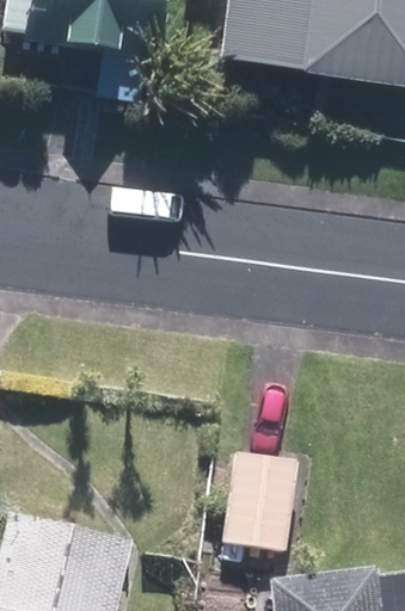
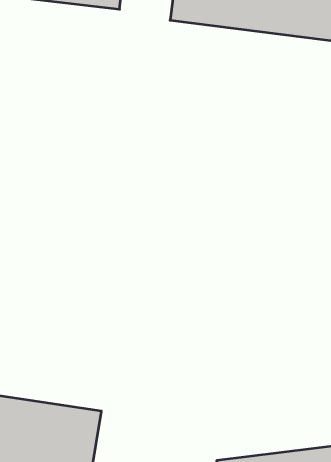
building: [227,451,308,561] -> none

